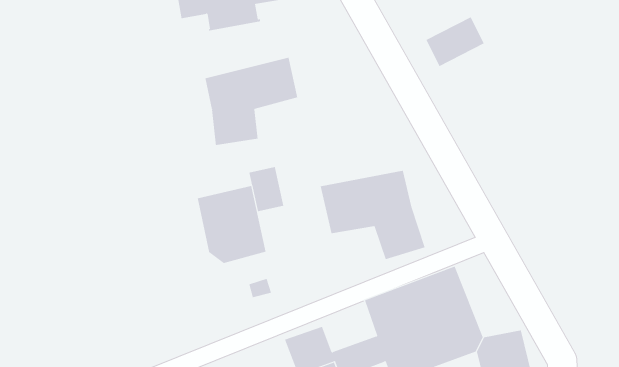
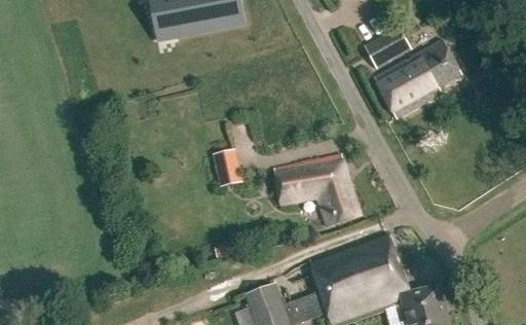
building: none -> [373,40,461,119]
building: [205,57,298,146] -> none
building: [197,185,266,264] -> none

